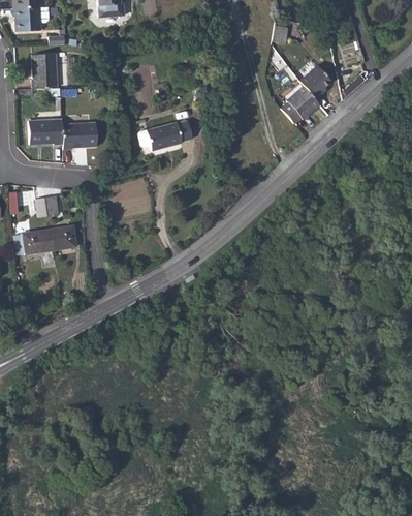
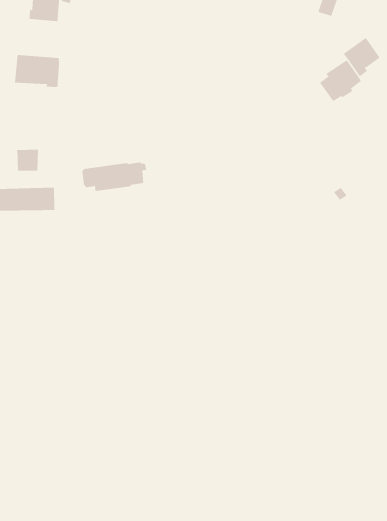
building: [64,114,101,148] -> none
building: [137,121,192,151] -> [81,162,147,191]

